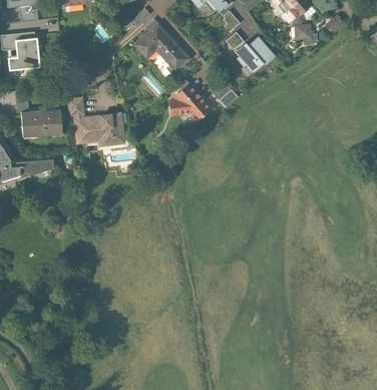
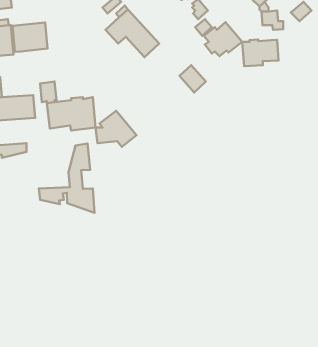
building: none -> [12,23,48,52]
building: none -> [242,39,279,66]
building: [169,83,212,120] -> [96,111,137,147]
building: none -> [39,143,94,213]

